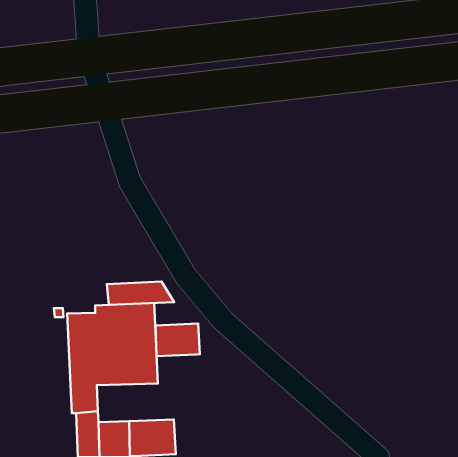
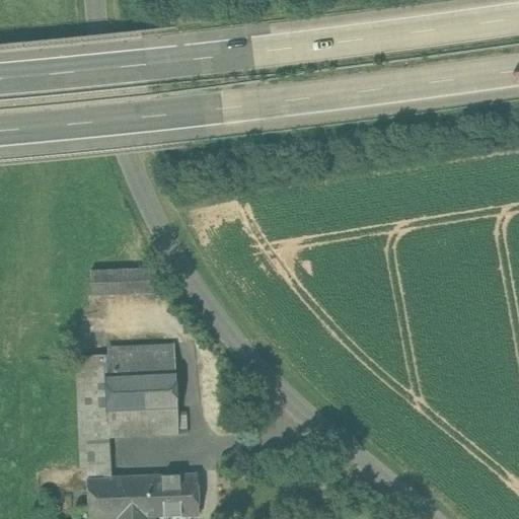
building: [107,281,174,305] -> [89,268,165,294]
building: [156,323,200,356] -> none

